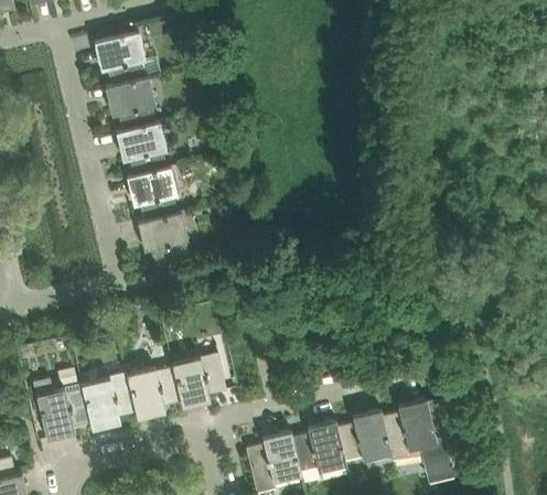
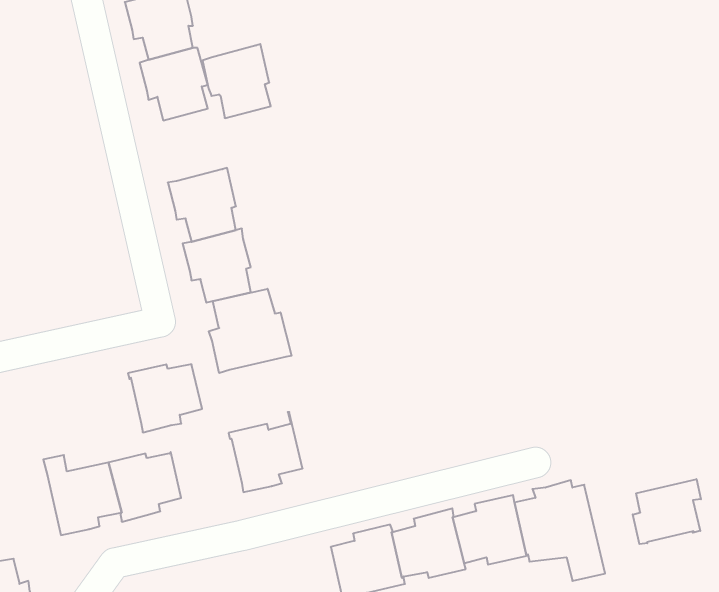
building: [116,121,167,176] -> [203,44,271,118]
building: none -> [209,289,292,373]
building: [126,368,181,419] -> [128,364,202,432]
building: none -> [633,479,701,544]

